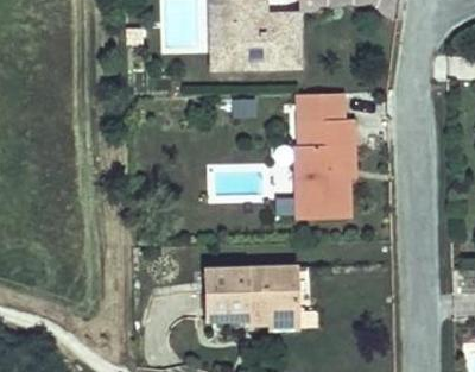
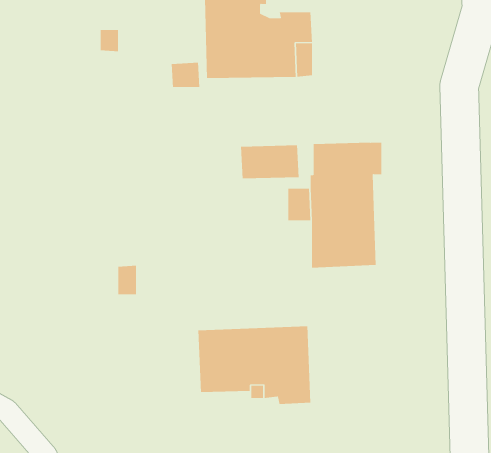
building: [298,92,346,119] -> [240,145,299,179]

